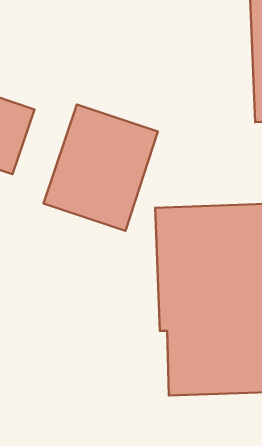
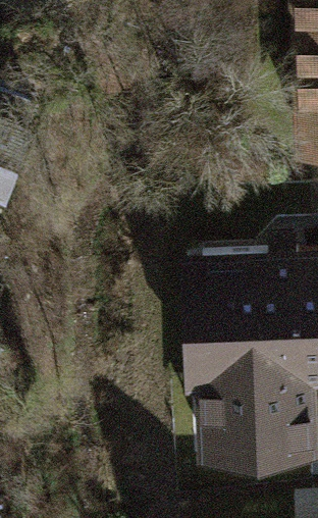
building: [43,105,158,231] -> none

